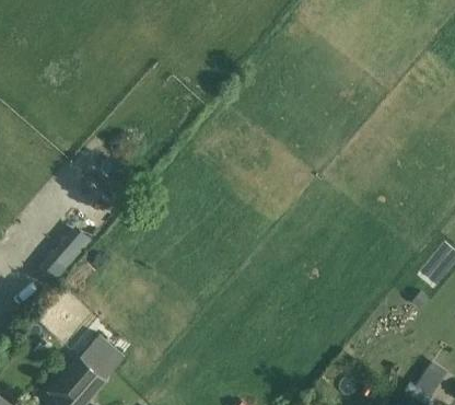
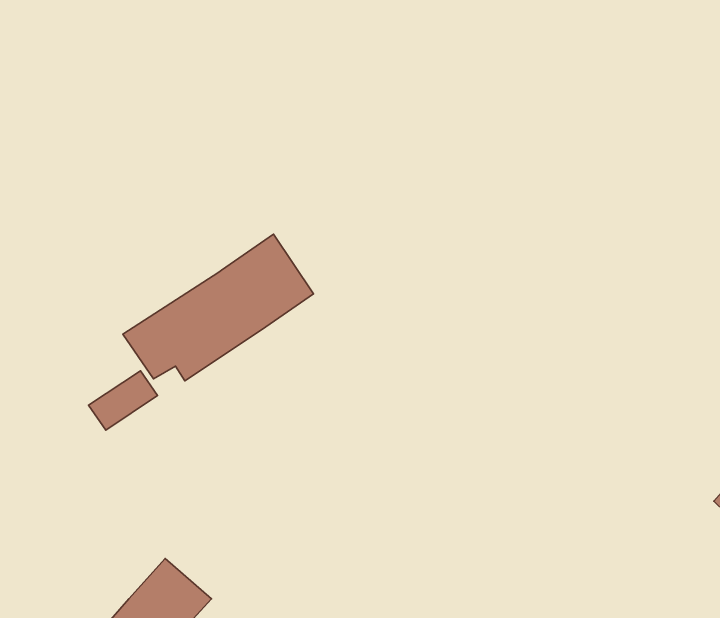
building: none -> [123,234,313,381]

